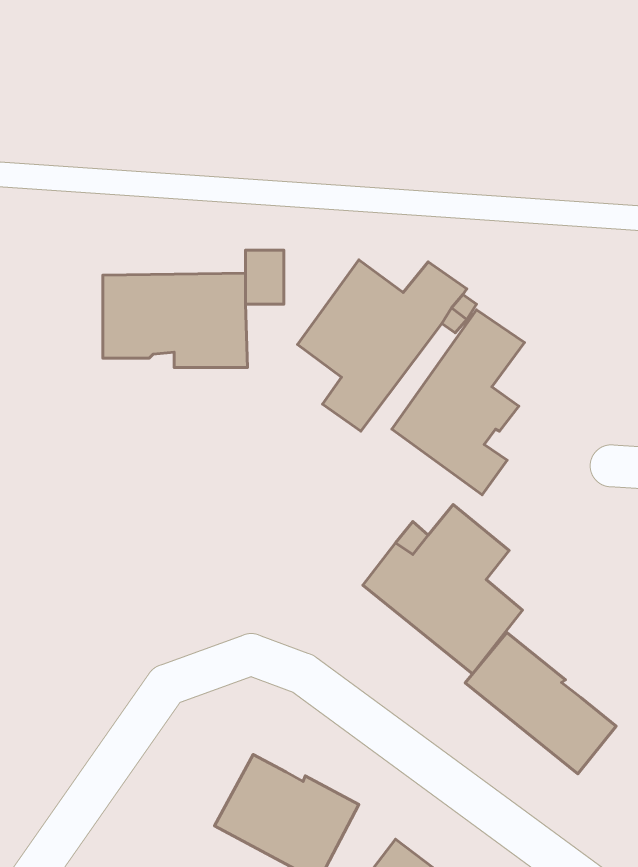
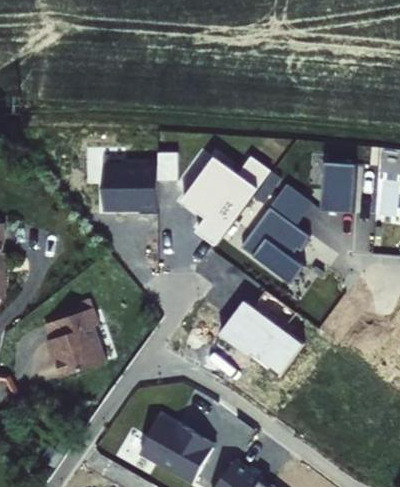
building: none -> [315,163,348,210]
building: none -> [52,308,114,381]
building: [465,632,616,774] -> none

